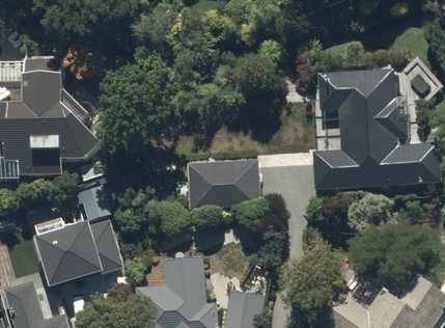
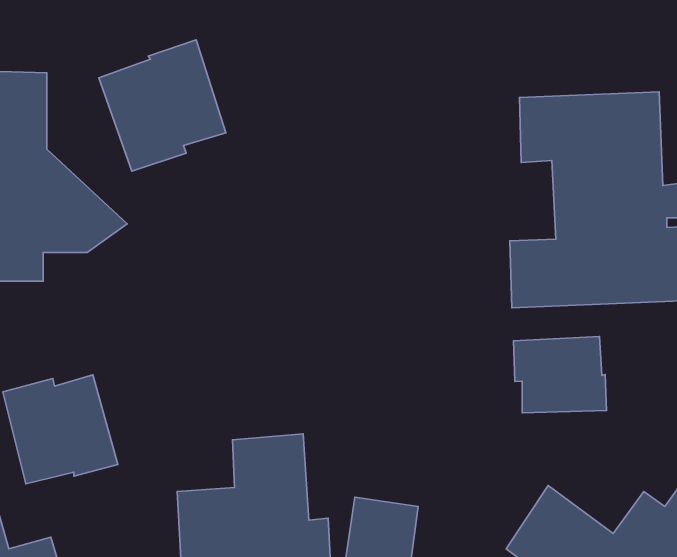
building: none -> [99,40,226,171]
building: [188,159,259,208] -> none
building: none -> [514,337,607,413]

